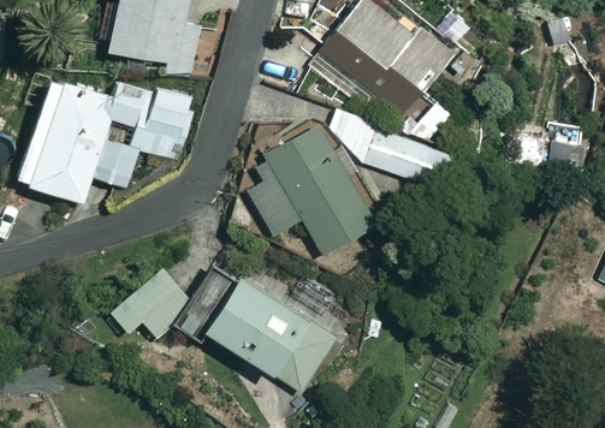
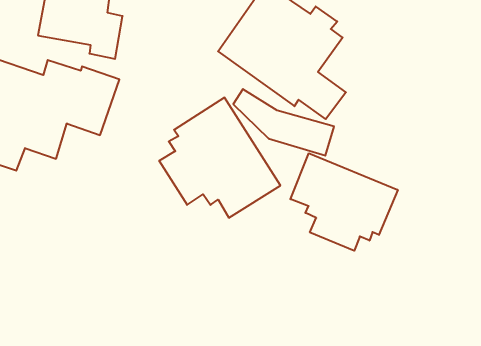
building: none -> [290,153,398,251]
building: [111,268,194,339] -> none
building: [201,269,338,391] -> none

